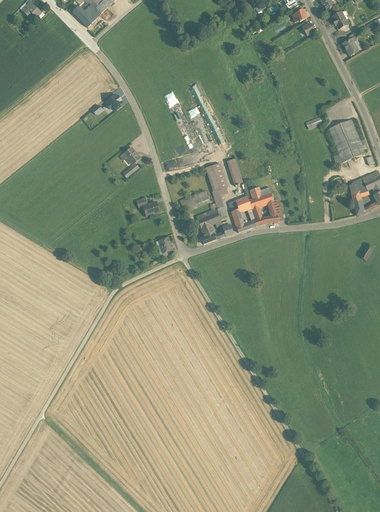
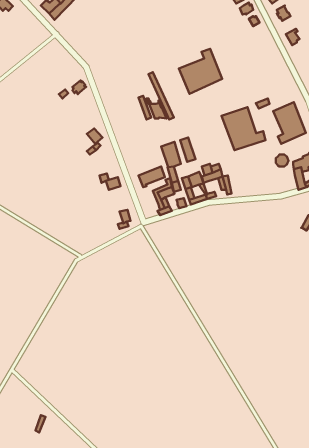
building: none -> [179,49,222,94]
building: none -> [222,107,265,150]

